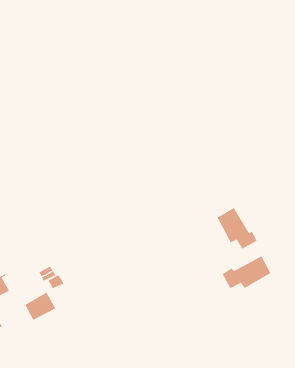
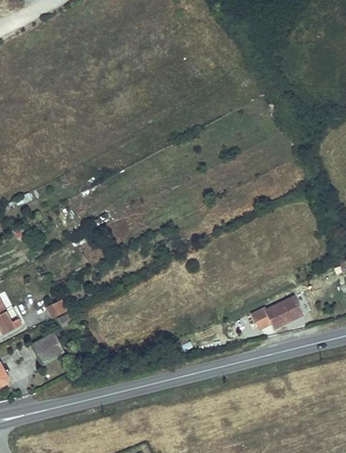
building: [217,207,257,250] -> none

